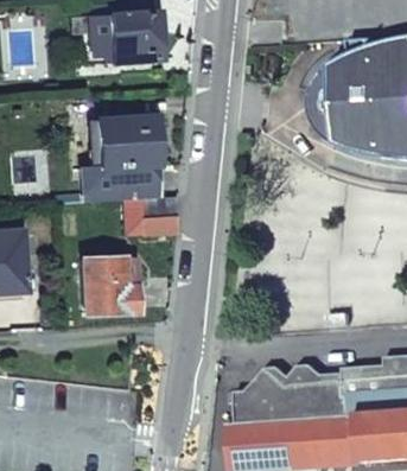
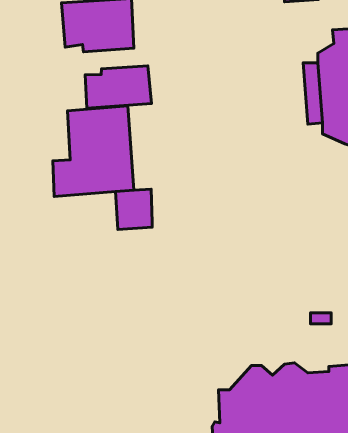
building: none -> [85,66,152,108]
building: [82,257,138,314] -> none

